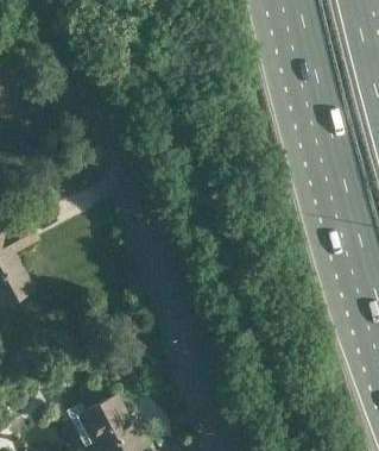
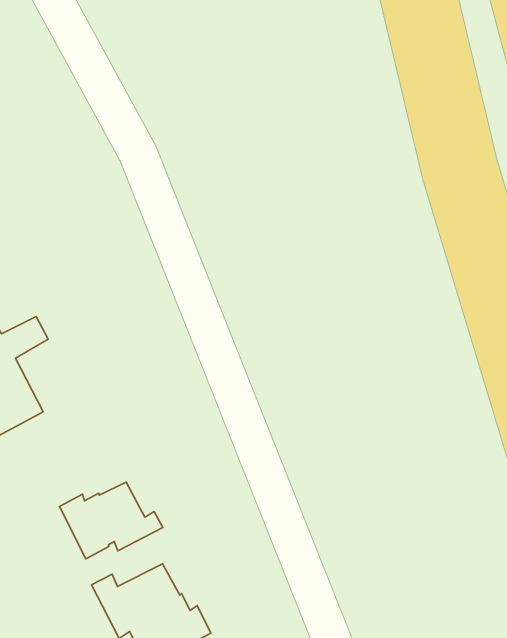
building: none -> [59,482,163,559]

